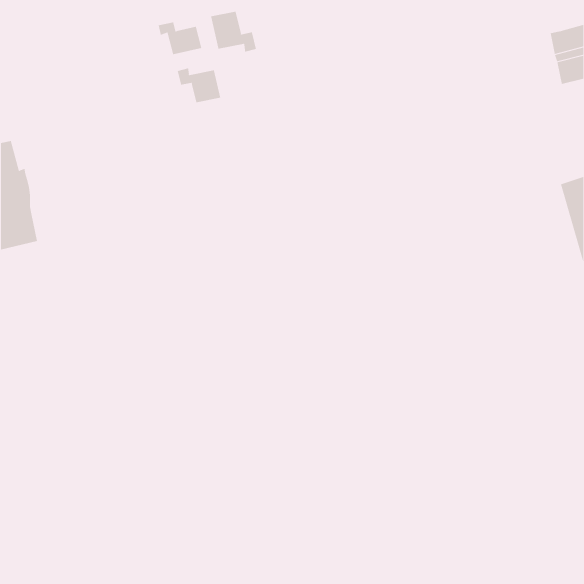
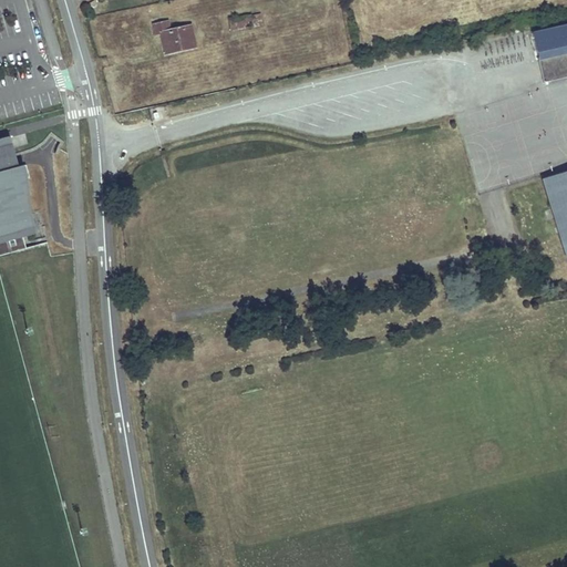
building: [210,11,257,52] -> none
building: [177,68,221,103] -> none

